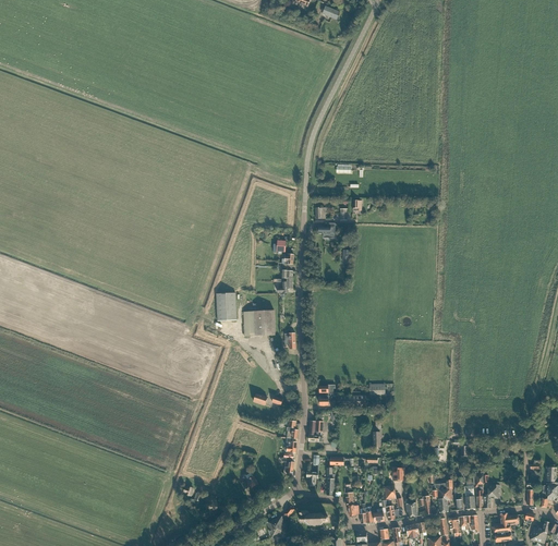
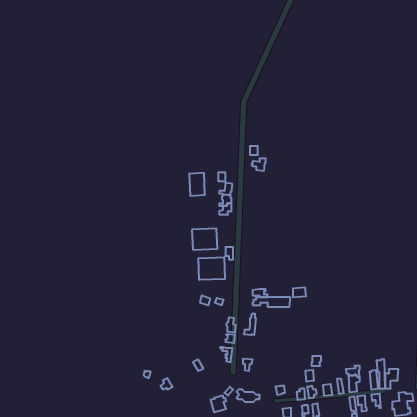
building: [216,292,235,320] -> [189,173,205,196]
building: none -> [199,257,225,280]

